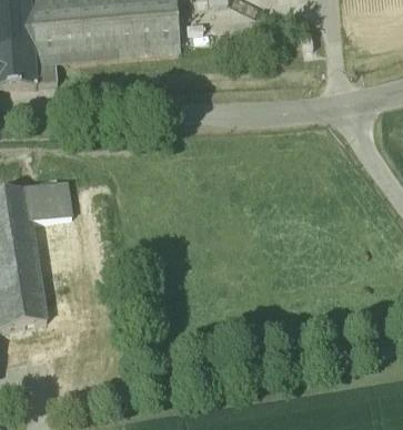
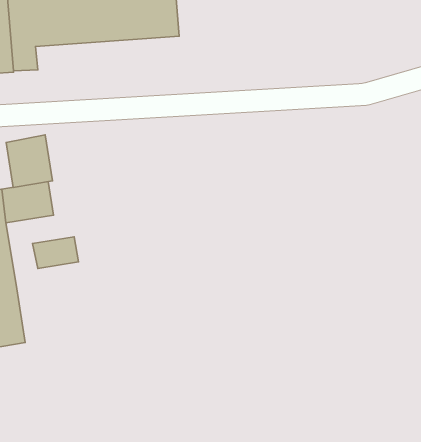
building: none -> [6,135,53,187]
building: none -> [32,237,78,268]

